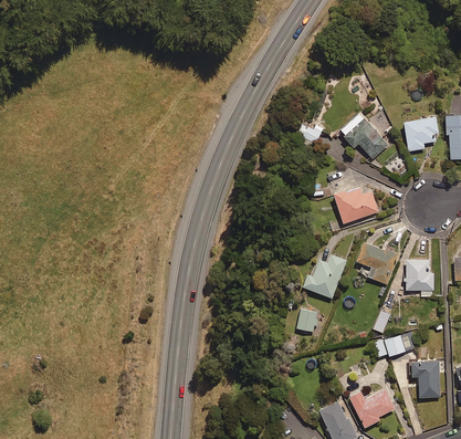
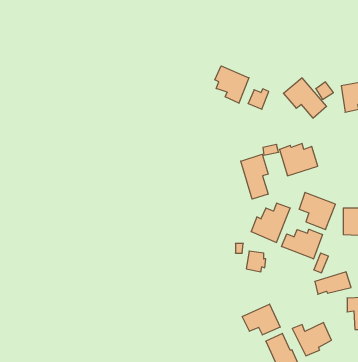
building: none -> [215,66,249,103]
building: none -> [241,154,268,199]
building: none -> [282,229,322,259]
building: none -> [242,304,280,335]

